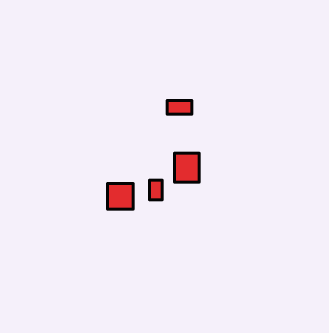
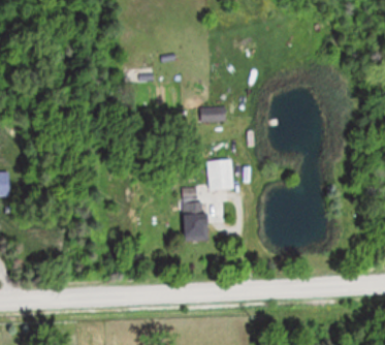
building: [107,183,133,209] -> [184,214,210,240]

